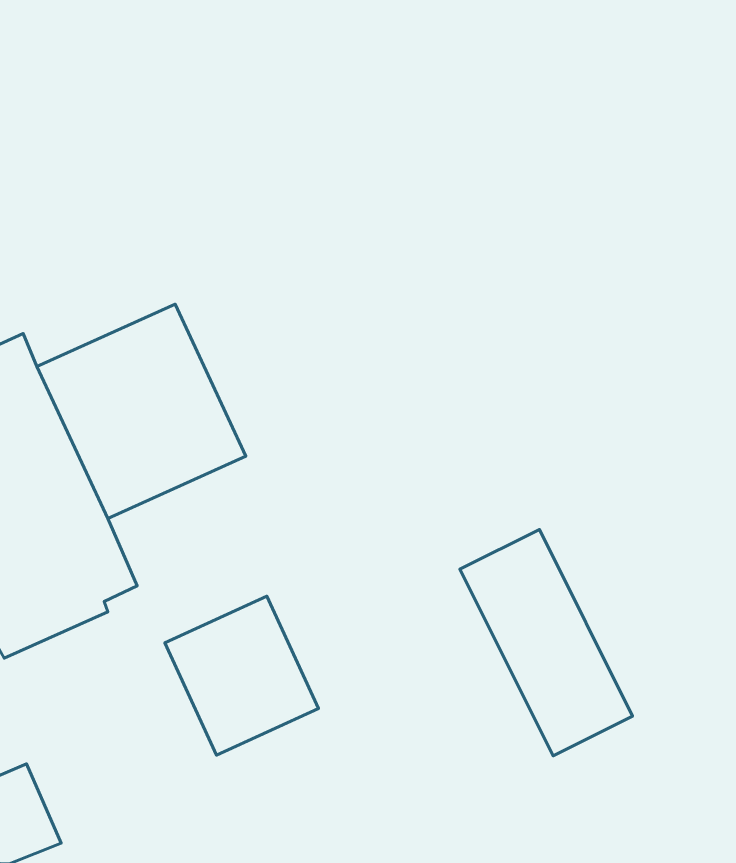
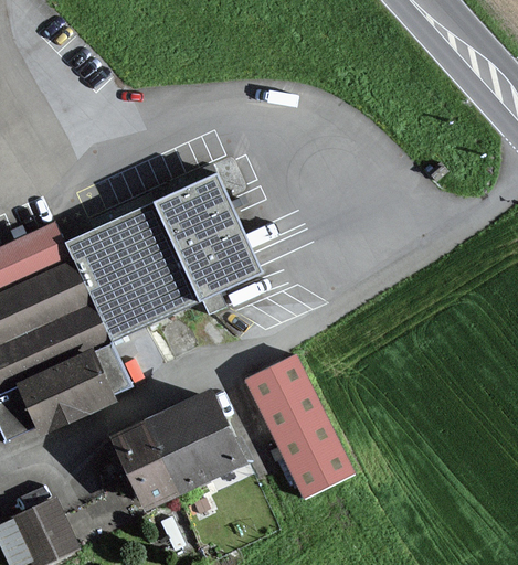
building: none -> [151,174,260,301]
building: [460,530,633,756] -> [244,354,355,499]
building: none -> [106,420,178,509]

